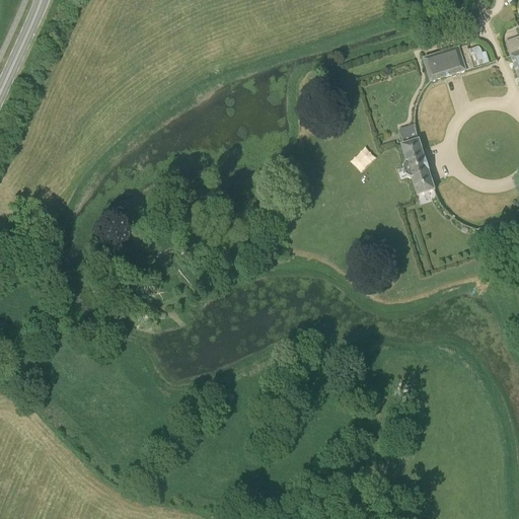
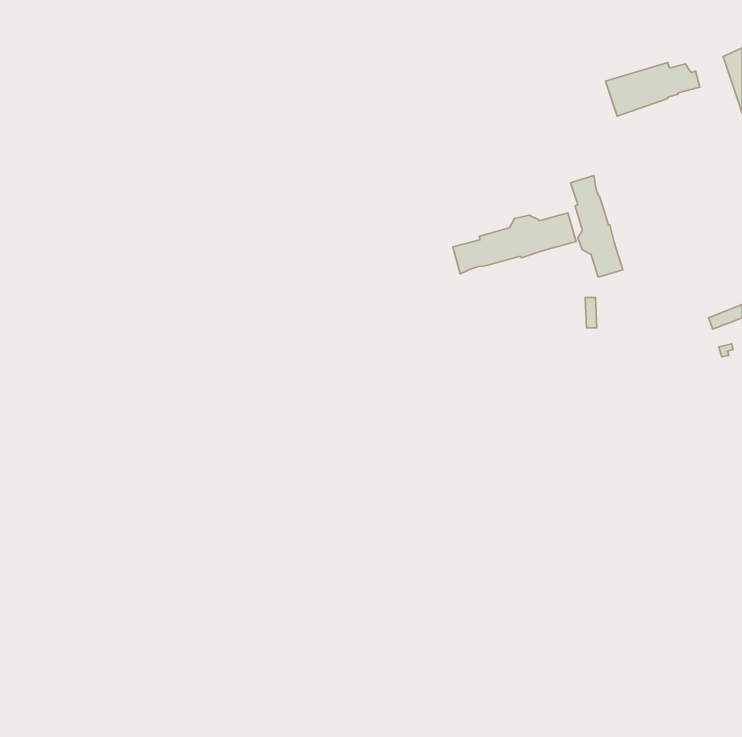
building: none -> [453,213,576,274]

